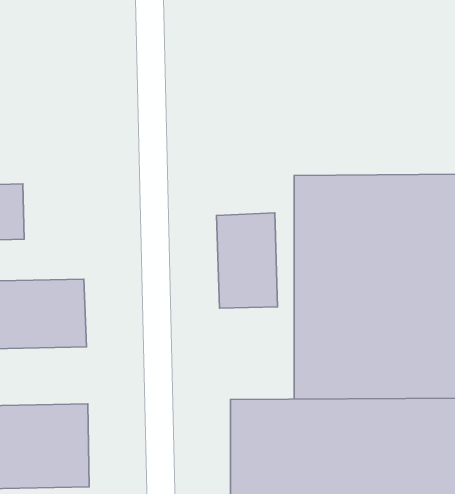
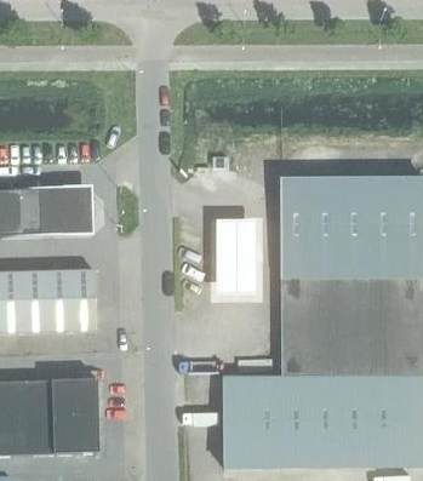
building: none -> [41,184,96,235]

